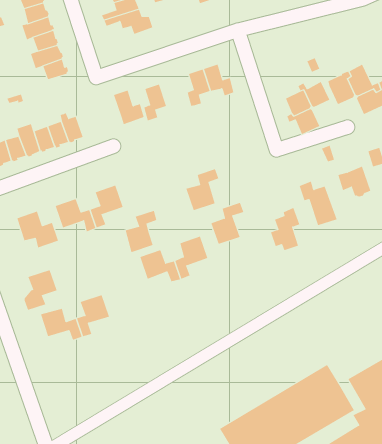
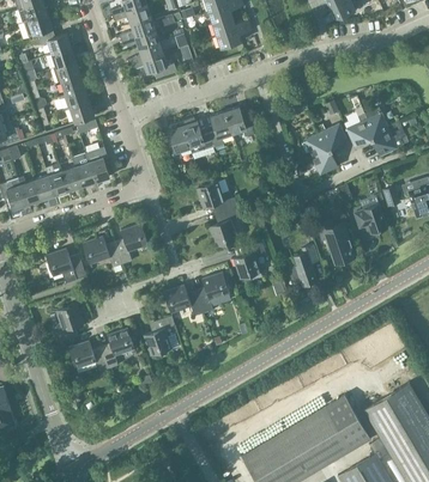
building: [113,90,144,125] -> [183,121,213,154]
building: none -> [197,181,237,213]
building: [125,210,157,253] -> [144,316,175,356]

